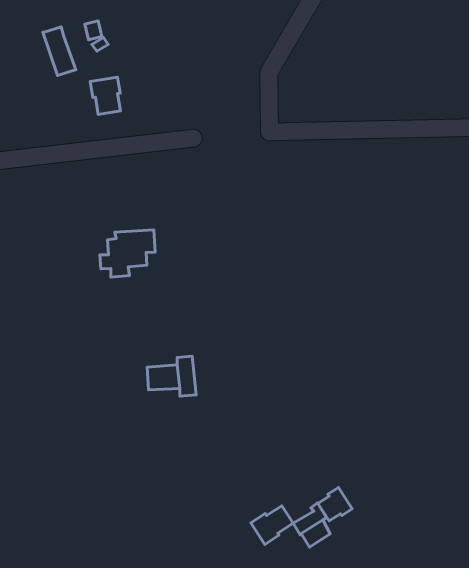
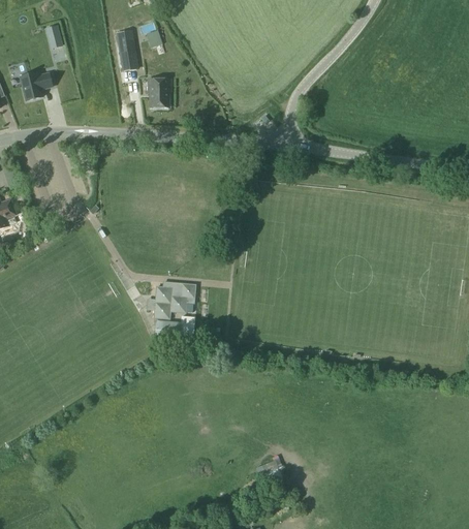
building: [100,230,155,277] -> [147,281,195,318]
building: [318,488,352,521] -> none
building: [251,506,293,544] -> none

